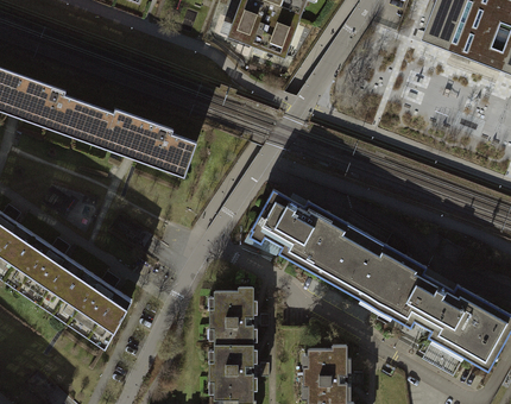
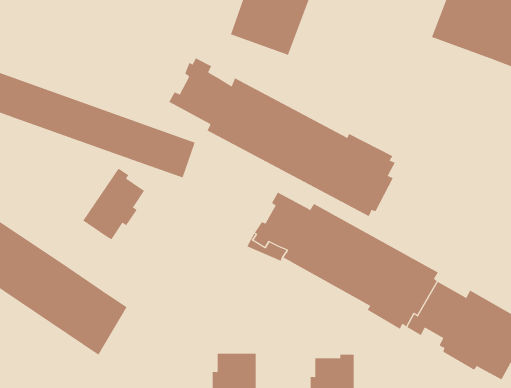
building: none -> [169,58,396,217]
building: none -> [83,168,145,240]
building: [210,288,253,345] -> none

